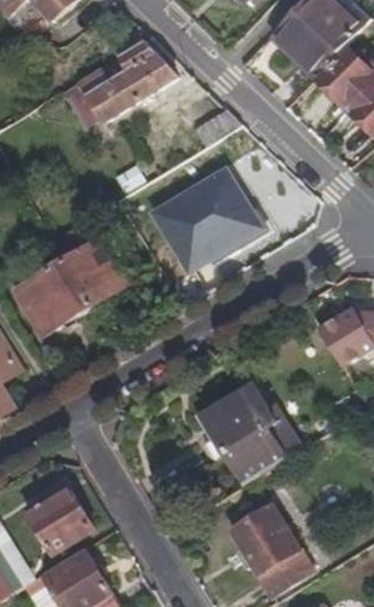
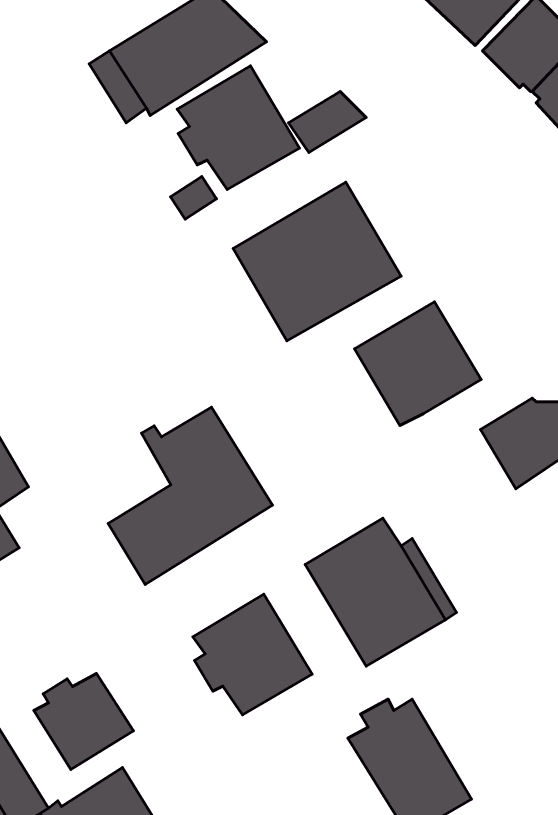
building: none -> [177,66,299,189]
building: [18,220,126,336] -> [108,407,272,585]
building: none -> [354,302,481,426]
building: none -> [193,594,312,715]

